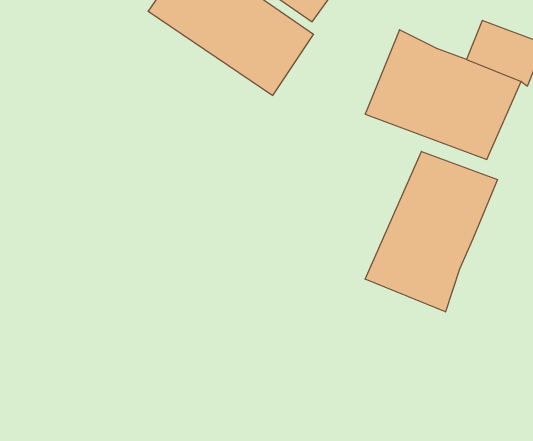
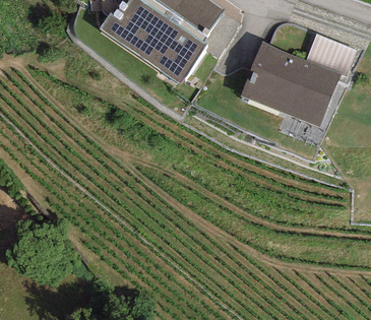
building: [365,151,497,312] -> none

